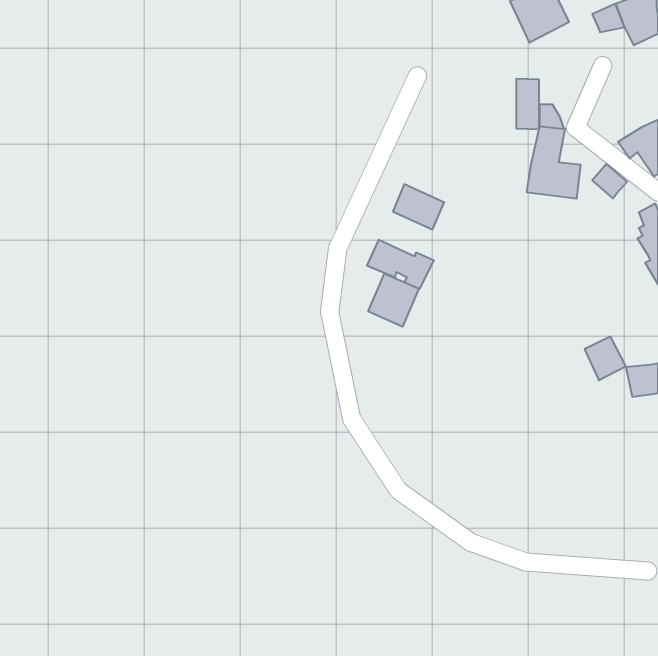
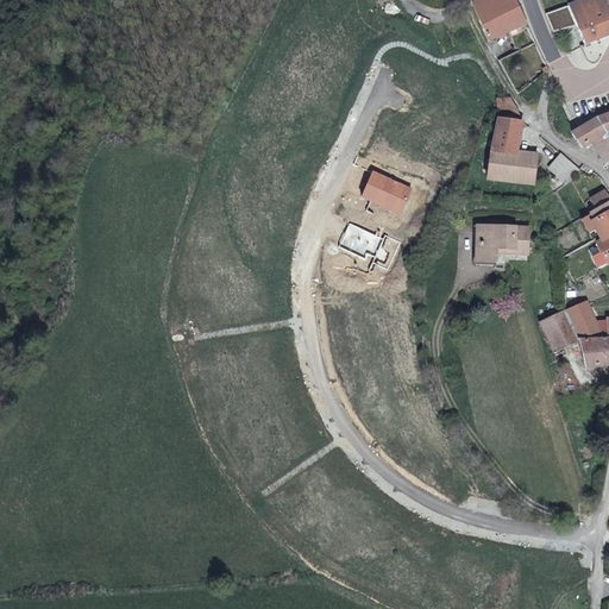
building: [516,79,539,129] -> none
building: none -> [476,224,528,259]
building: [368,273,419,327] -> none
building: none -> [564,302,601,339]

